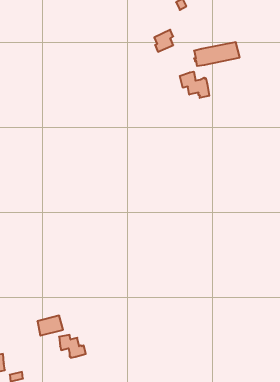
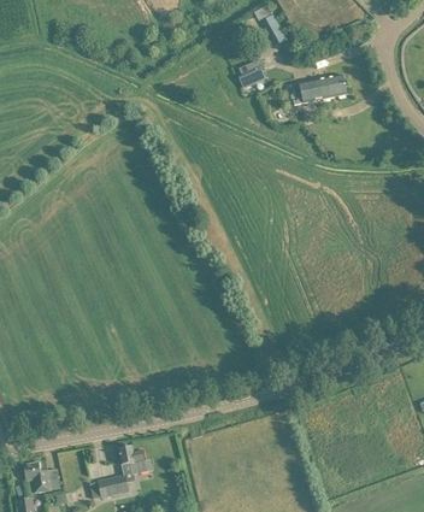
building: [180,72,209,98] -> none
building: [37,316,63,336] -> [95,473,128,499]

